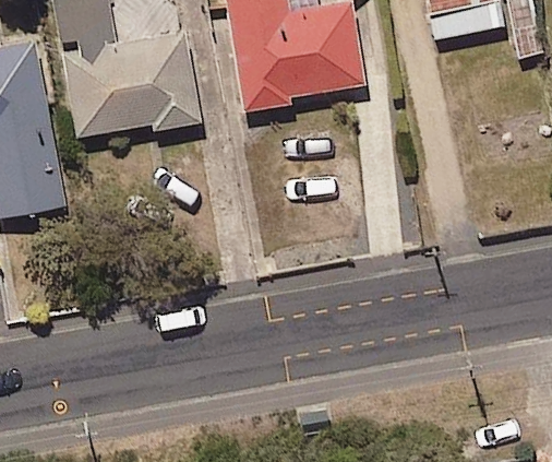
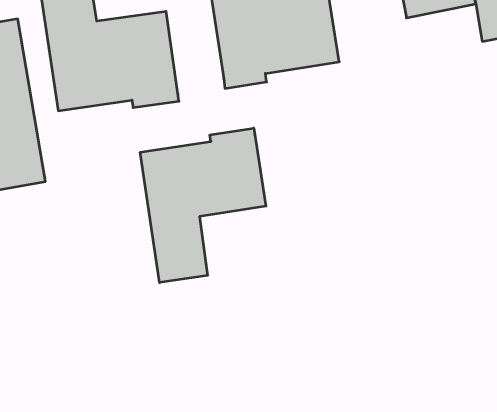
building: none -> [140,128,266,283]

